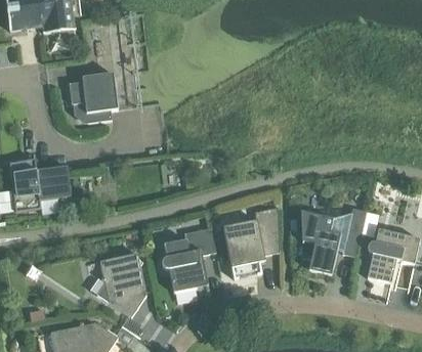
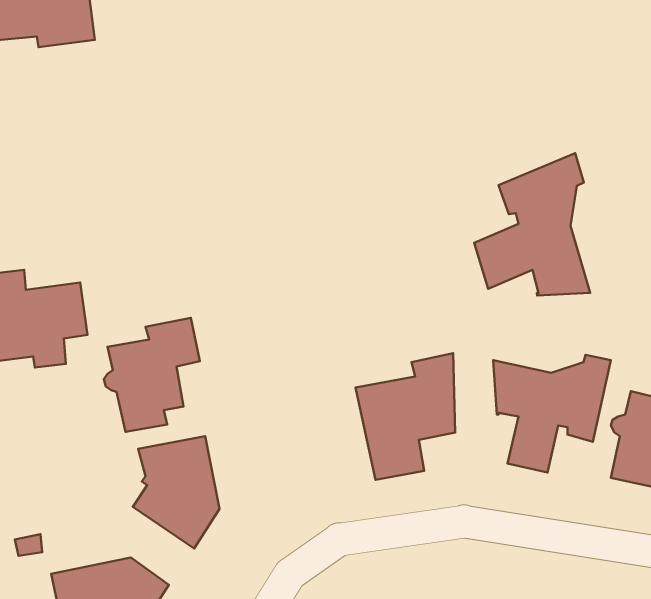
building: [69,72,118,122] -> none
building: none -> [474,153,590,295]
building: [161,226,215,291] -> [104,318,200,432]

